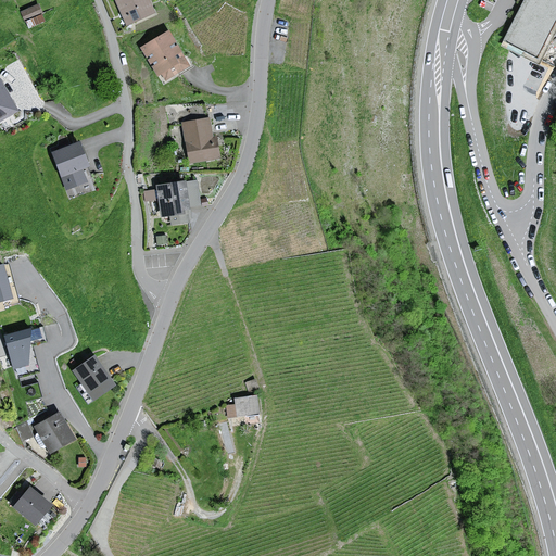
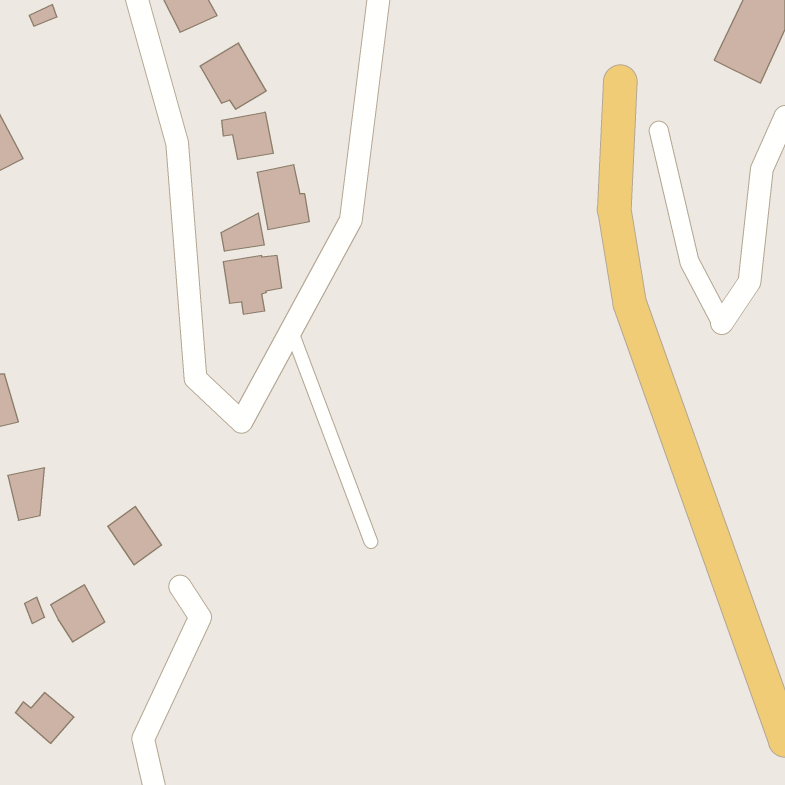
building: none -> [222,112,273,159]
building: [52,141,88,187] -> none
building: none -> [221,213,264,251]
building: [227,393,260,415] -> none

